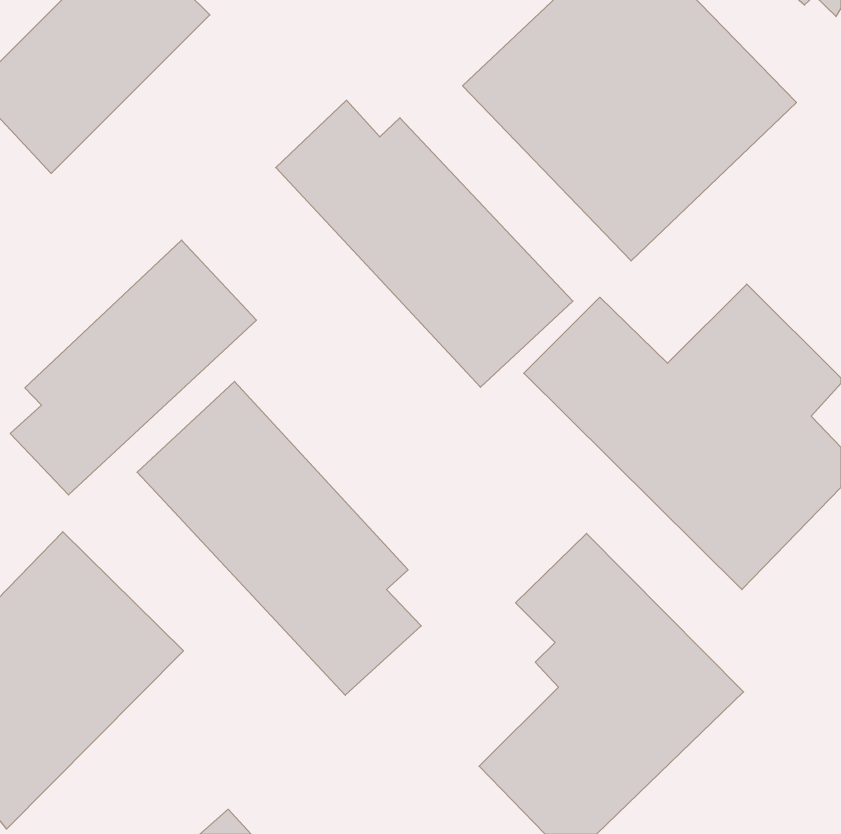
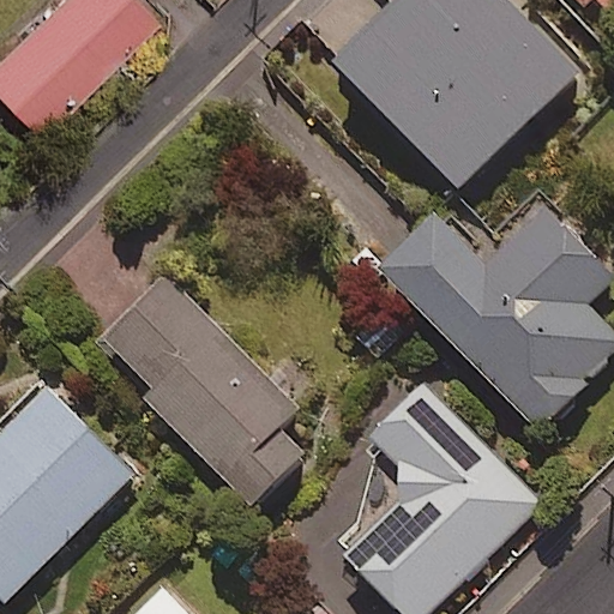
building: [276,100,573,387] -> none
building: [10,240,256,495] -> none

